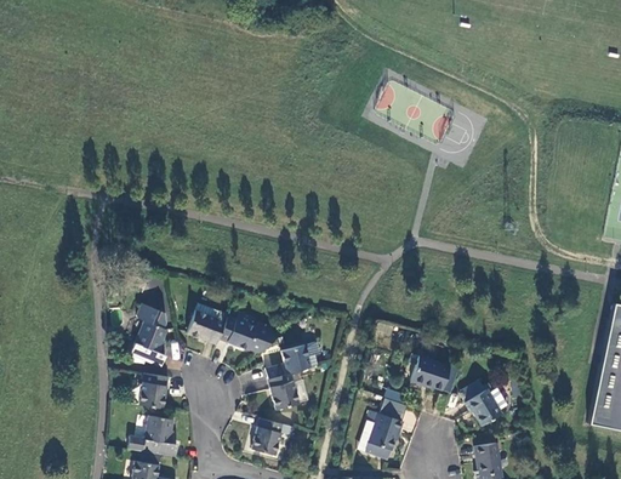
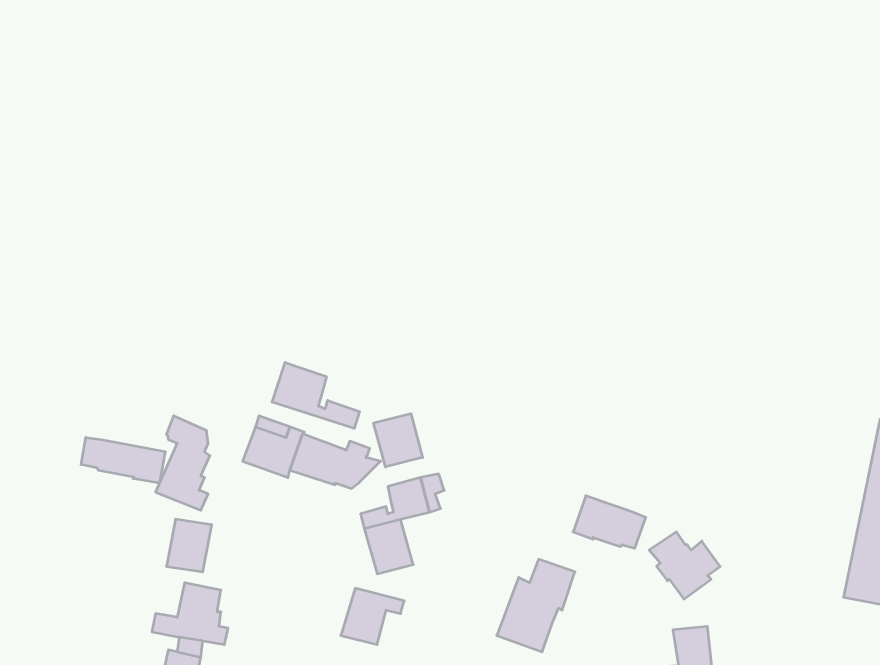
building: none -> [272,362,360,428]
building: none -> [374,414,423,467]
building: none -> [81,437,165,483]

